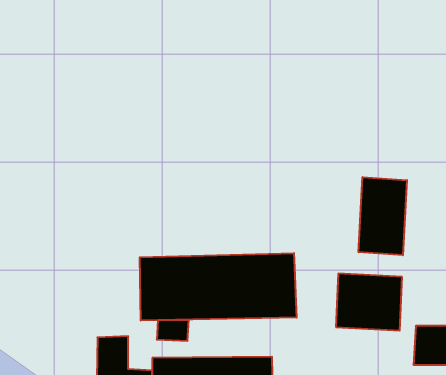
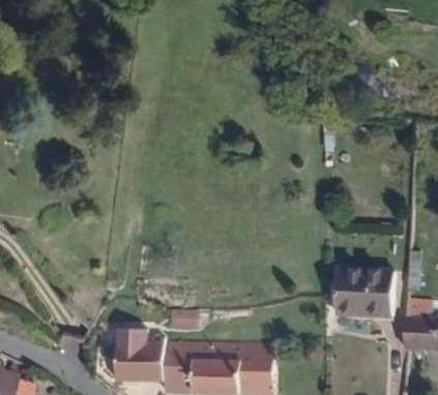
building: [359,177,407,255] -> none
building: [140,253,297,321] -> none

